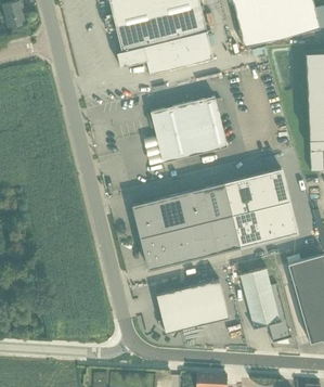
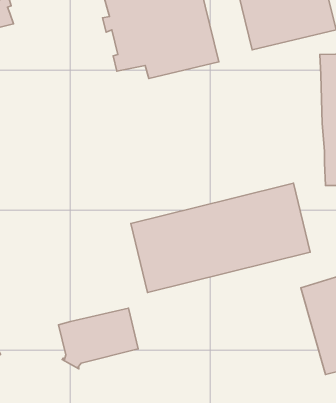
building: [151,96,228,163] -> none
building: [241,268,293,345] -> none
building: [156,281,229,336] -> [59,308,138,369]

